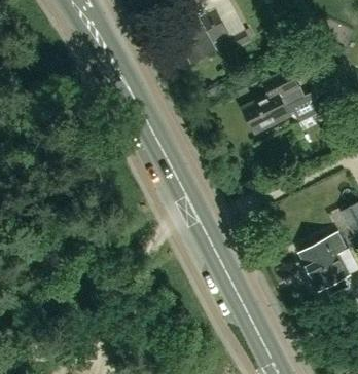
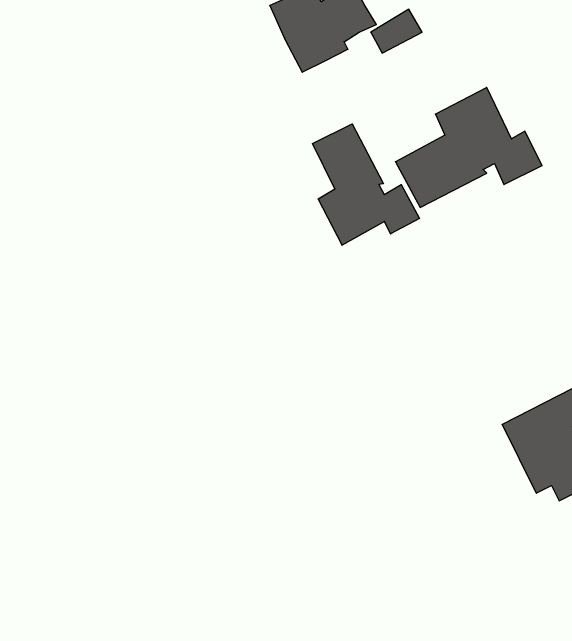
building: none -> [312,124,419,245]

